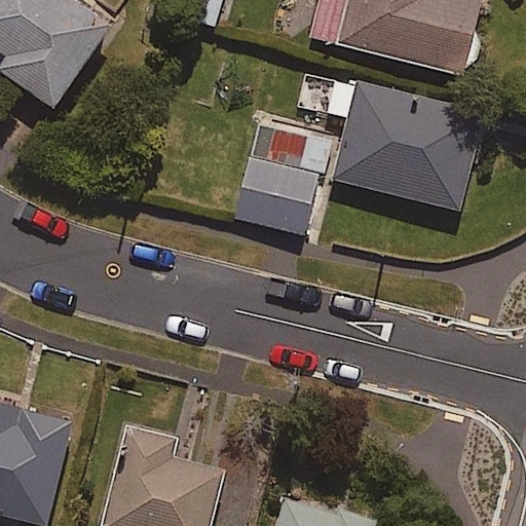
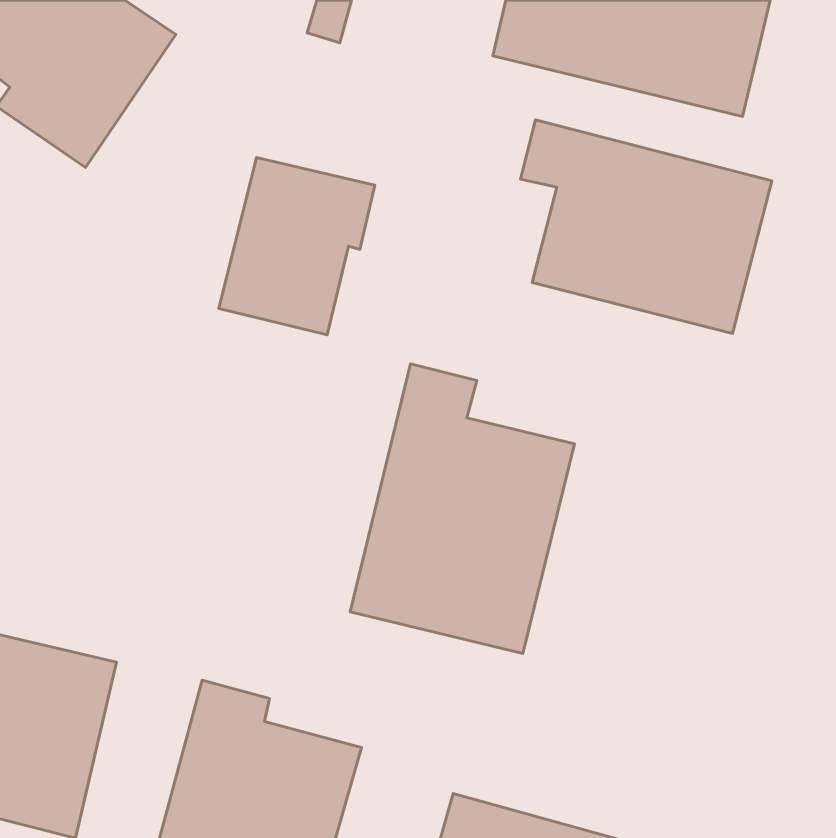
building: [234,122,332,233] -> [219,157,375,335]
building: none -> [350,364,574,654]

